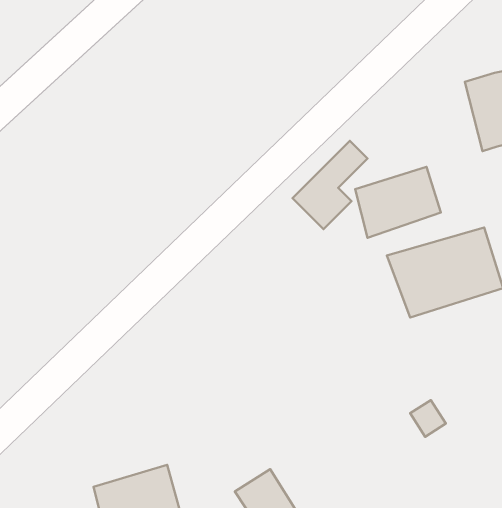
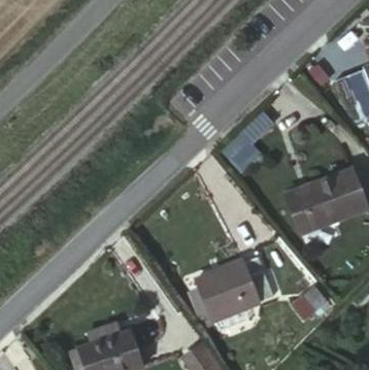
building: [355,167,441,238] -> none
building: none -> [188,255,269,314]

